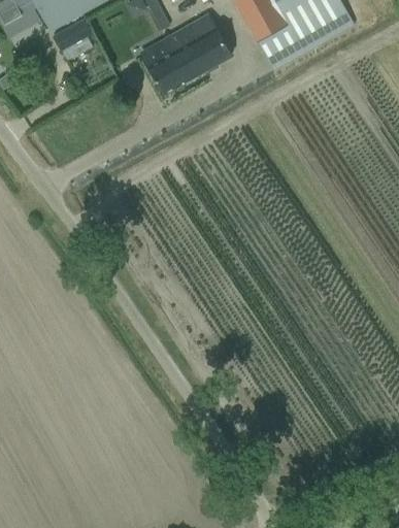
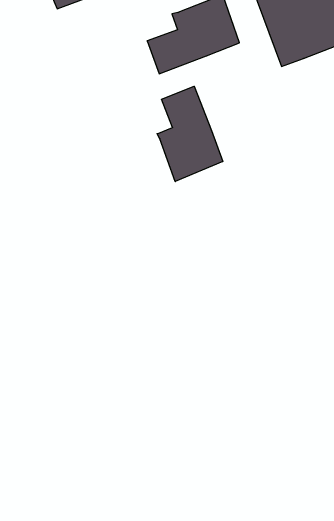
building: none -> [157,86,223,182]

